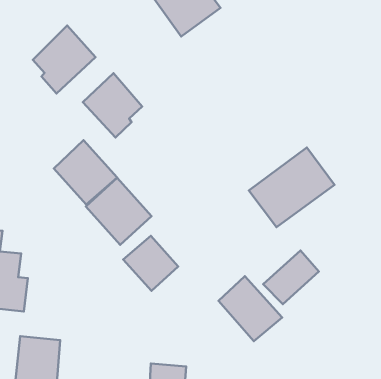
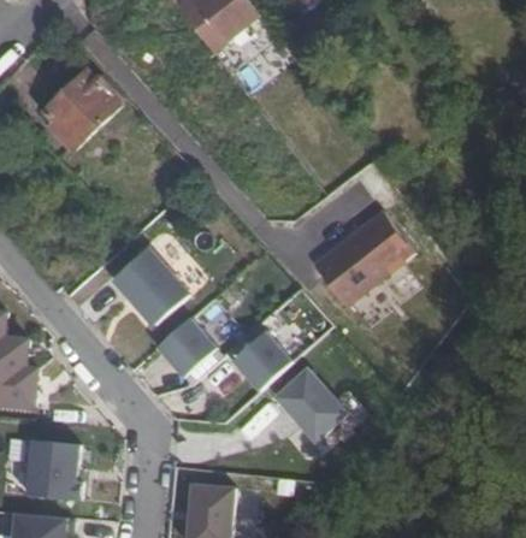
building: [83,73,142,138] -> none
building: [54,140,117,205] -> none
building: none -> [230,331,292,395]
building: [263,251,319,304] -> none

